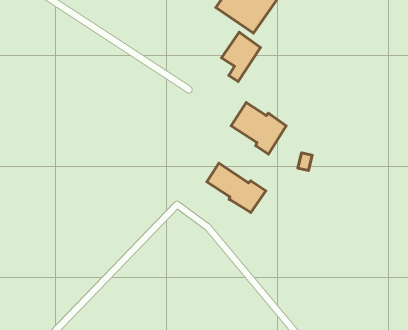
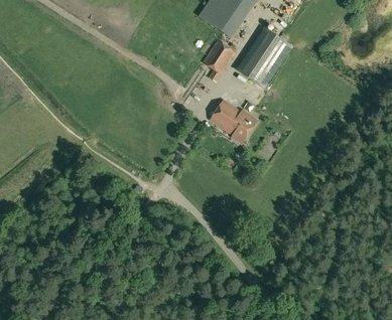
building: none -> [238,27,291,87]
building: [207,163,266,212] -> none

